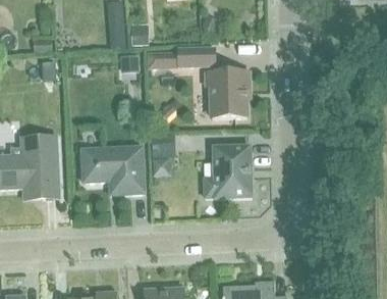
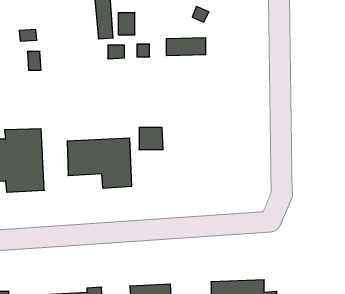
building: [205,71,248,118] -> none
building: [204,146,251,198] -> none

